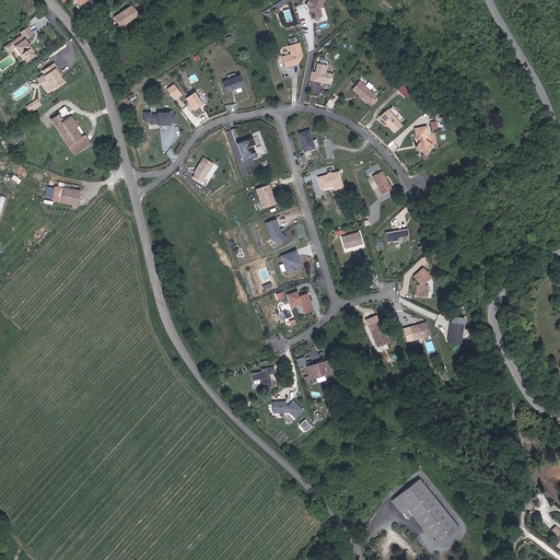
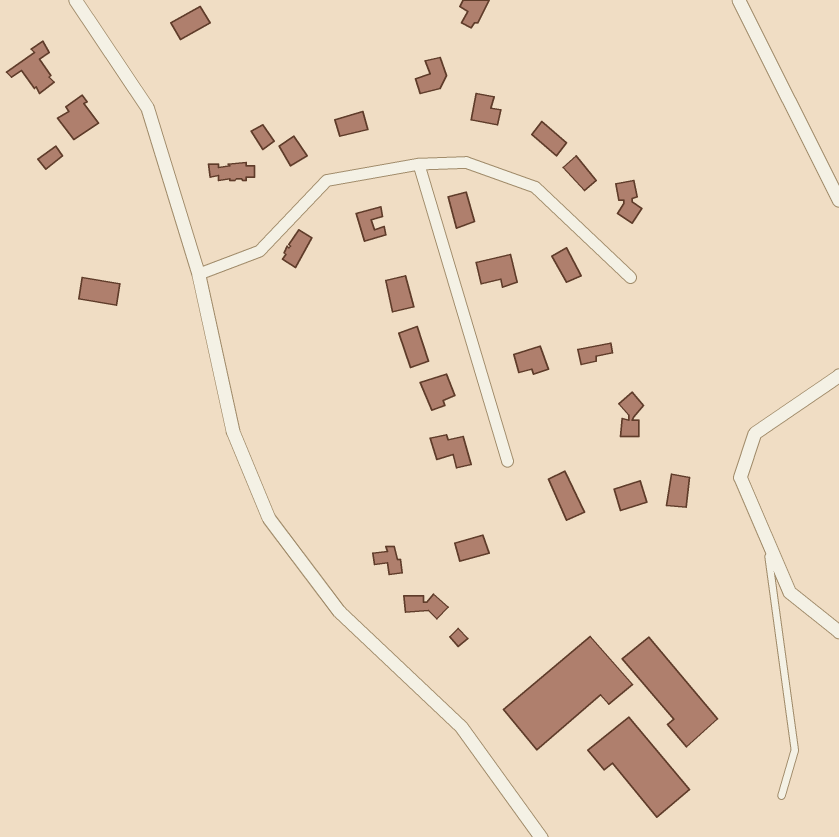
building: [52,115,91,155] -> none
building: none -> [503,637,632,750]
building: none -> [622,637,717,747]

